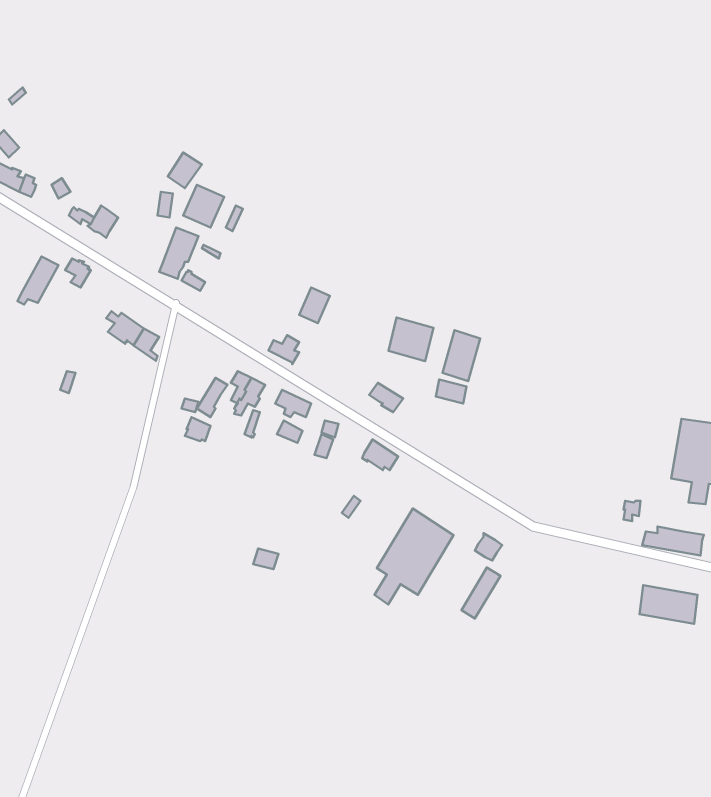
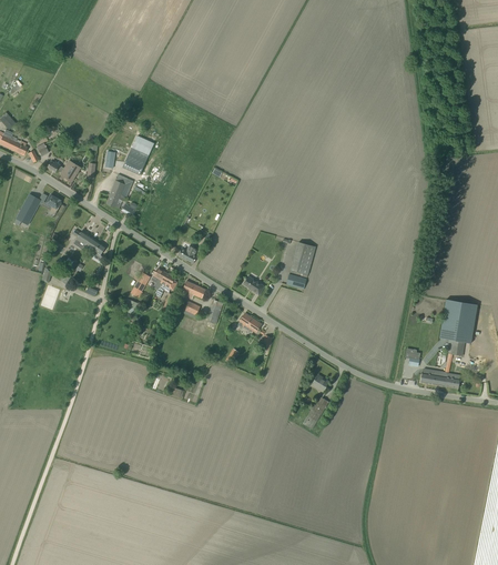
building: [388,318,433,361] -> none
building: [375,508,454,605] -> none
building: [640,585,698,624] -> none

